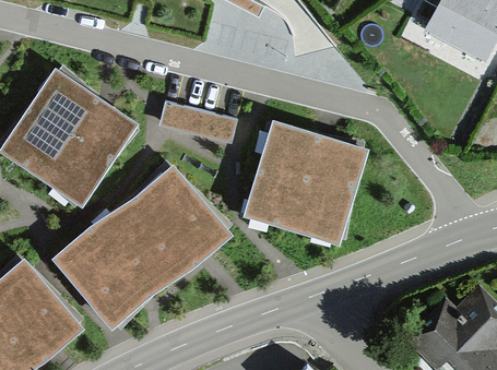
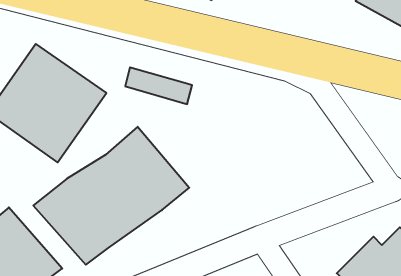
building: [242,118,367,240] -> none

